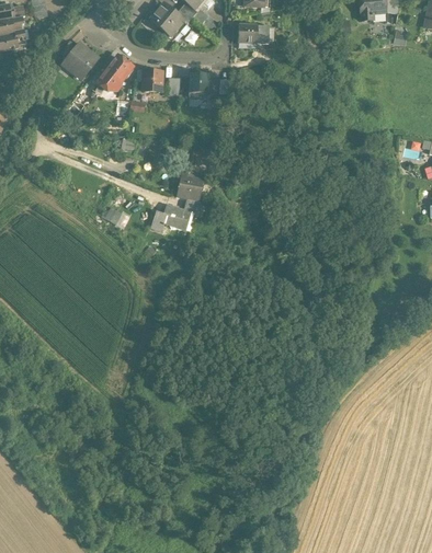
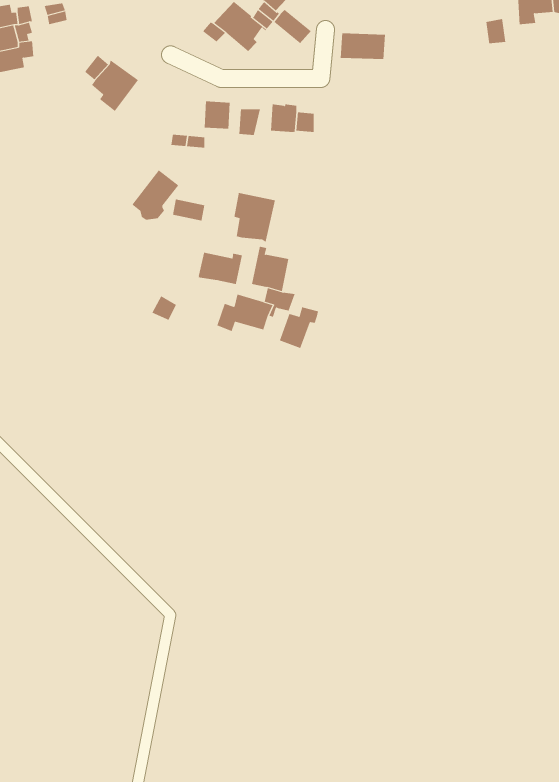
building: [98,55,130,90] -> [132,170,179,220]
building: none -> [234,192,275,243]
building: none -> [198,252,242,285]
building: none -> [279,306,318,349]

